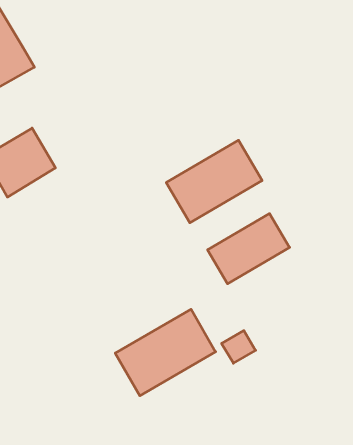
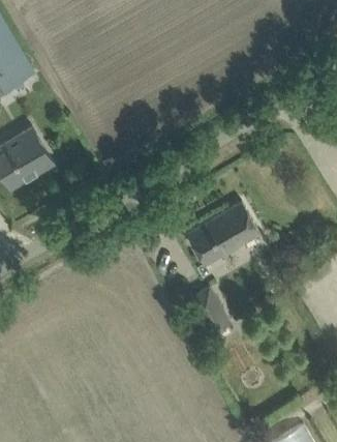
building: [166,140,262,223] -> none
building: [115,309,216,396] -> none

